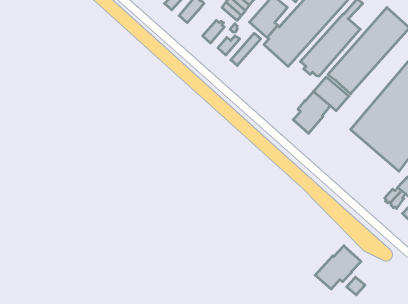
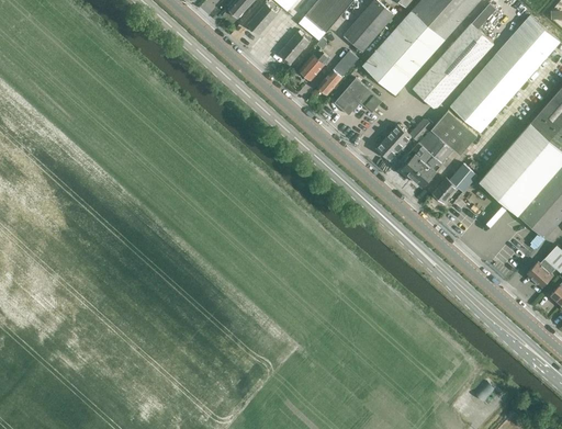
building: none -> [335,78,383,116]
building: none -> [376,120,432,160]
building: none -> [432,165,476,204]
building: [315,246,361,289] -> none

